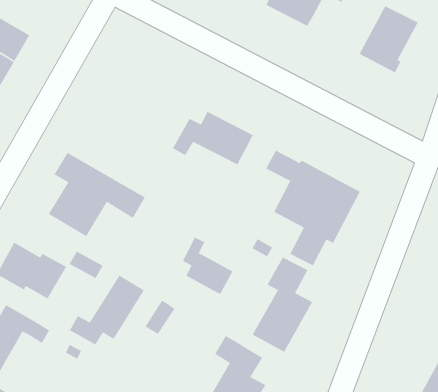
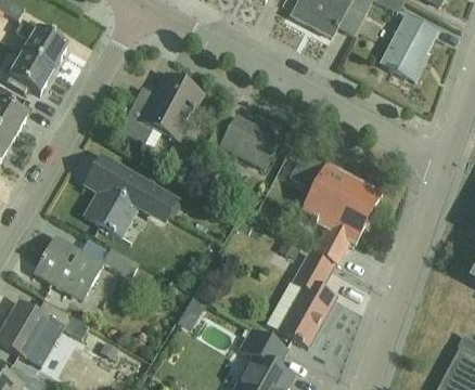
building: none -> [119,77,201,143]
building: [182,236,233,295] -> none
building: [69,274,145,346] -> none

